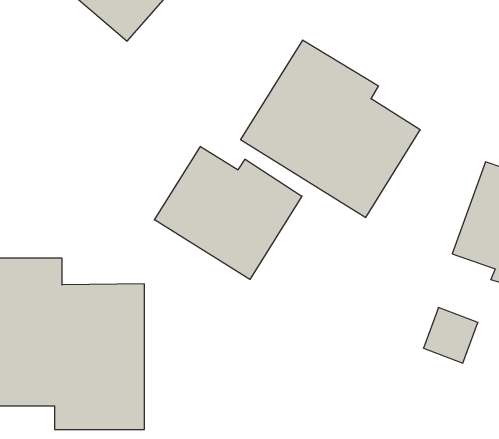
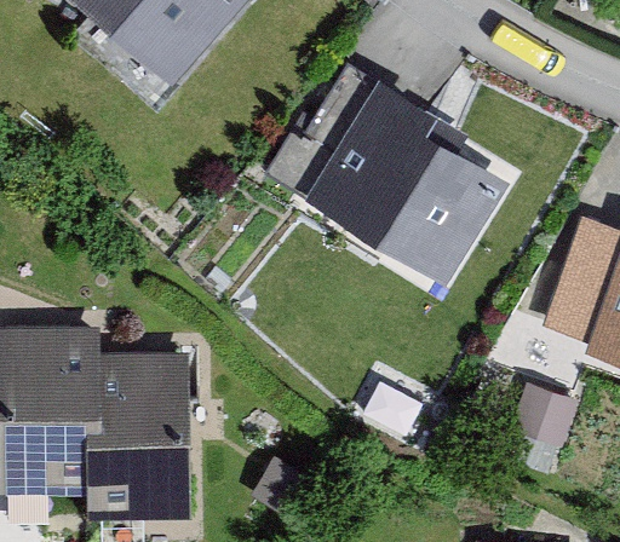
building: [154,146,302,279] -> none

